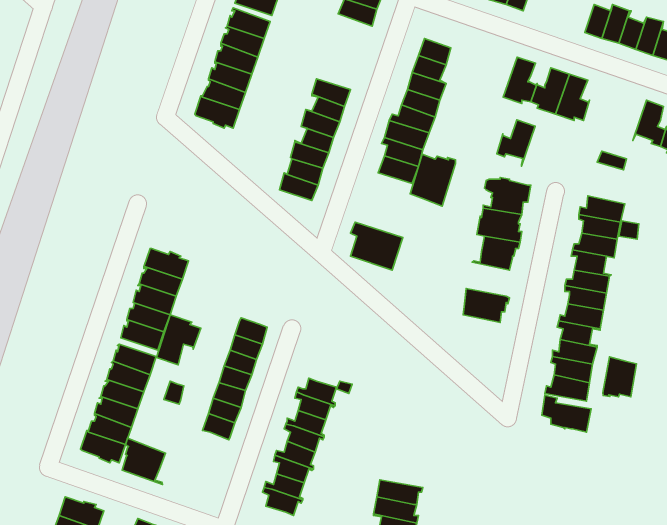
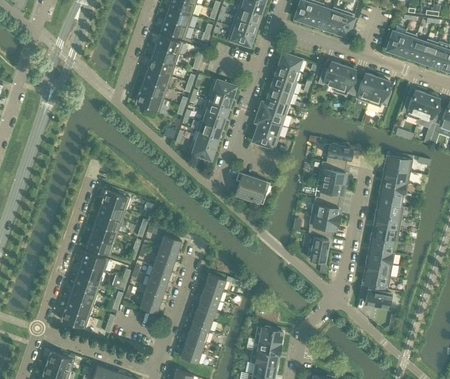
building: none -> [402,90,427,120]
building: [497,120,535,166] -> [318,62,343,92]
building: [410,154,456,206] -> none
building: none -> [310,199,340,222]
building: [156,315,201,365] -> none
building: none -> [307,238,328,263]
building: [603,357,637,397] -> none
building: [122,438,166,485] -> none
building: none -> [254,327,283,345]

